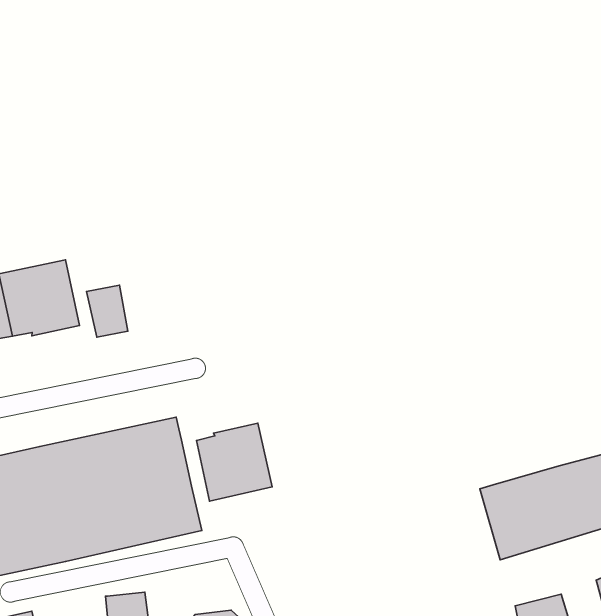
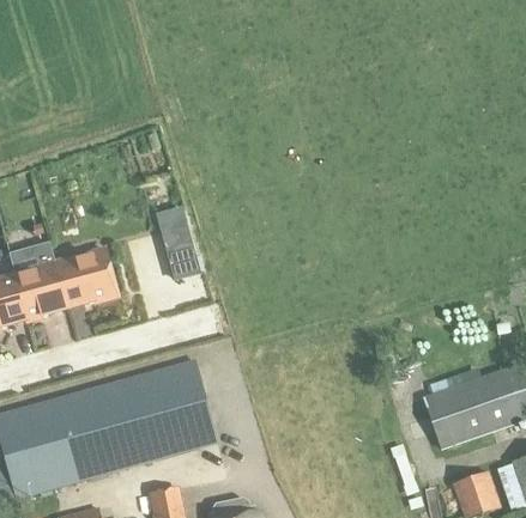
building: [87,285,128,337] -> [163,221,195,261]
building: [197,423,272,501] -> none

